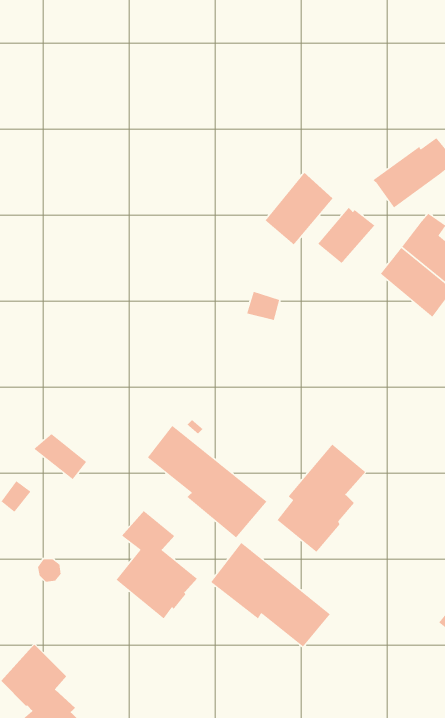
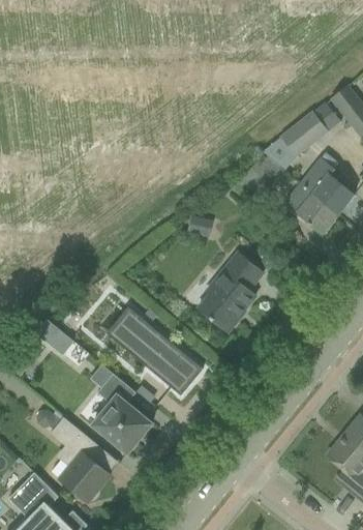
building: [265,172,334,246] -> none
building: [277,443,366,553] -> [199,252,264,331]
building: [210,542,331,648] -> none
building: none -> [51,416,111,502]

